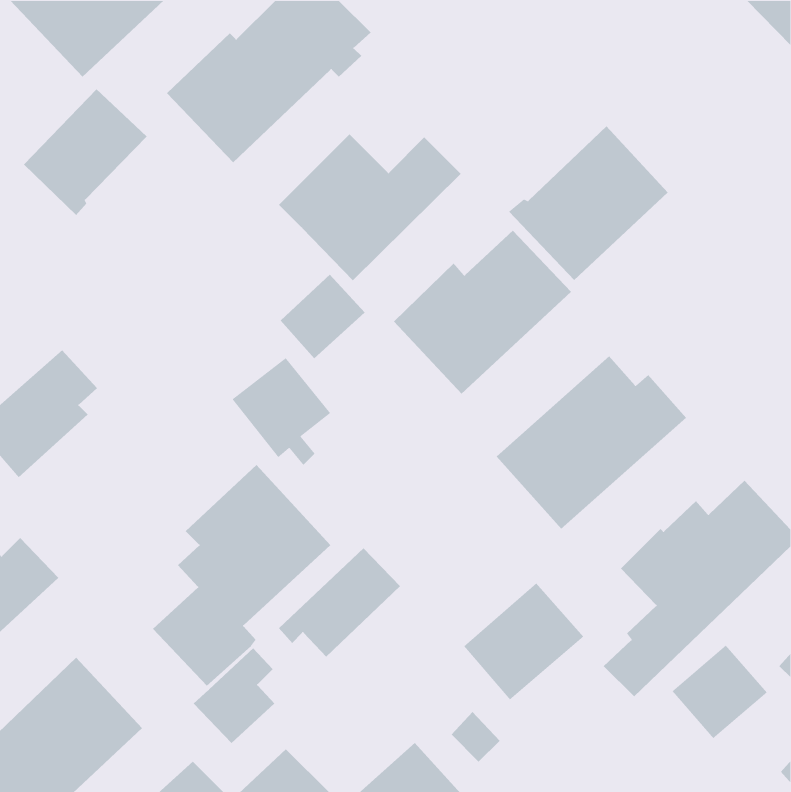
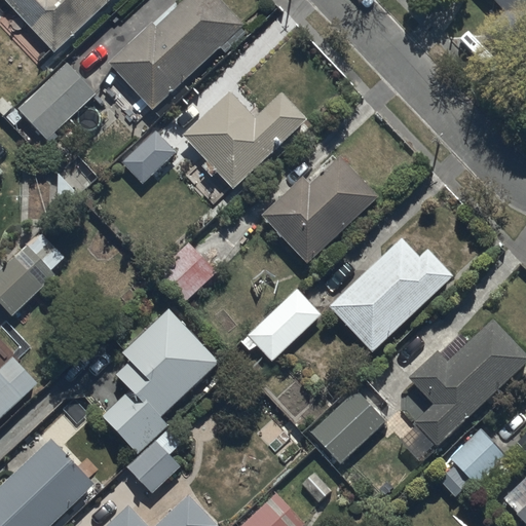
building: [508,125,668,281] -> none
building: [280,274,365,359] -> [119,128,176,185]
building: [278,547,401,658] -> [239,289,321,362]

